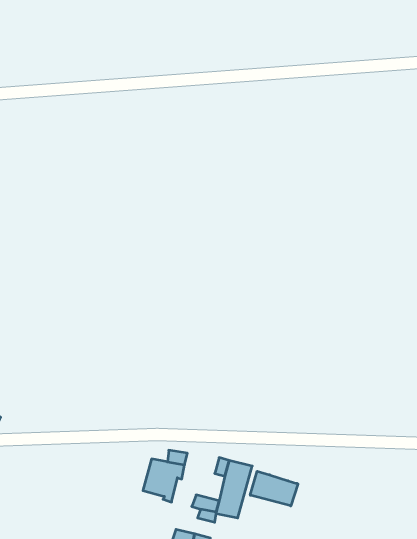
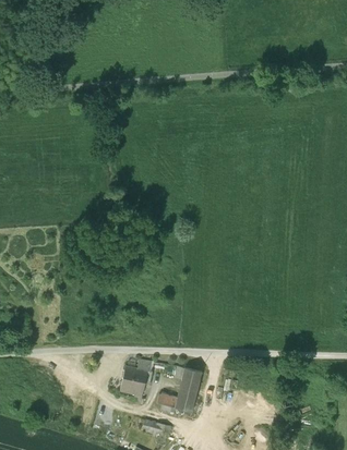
building: [250,471,298,506] -> none

